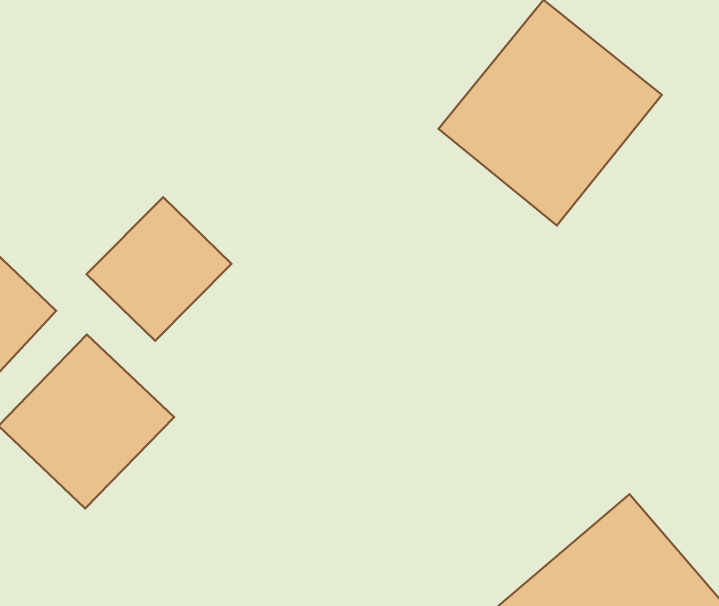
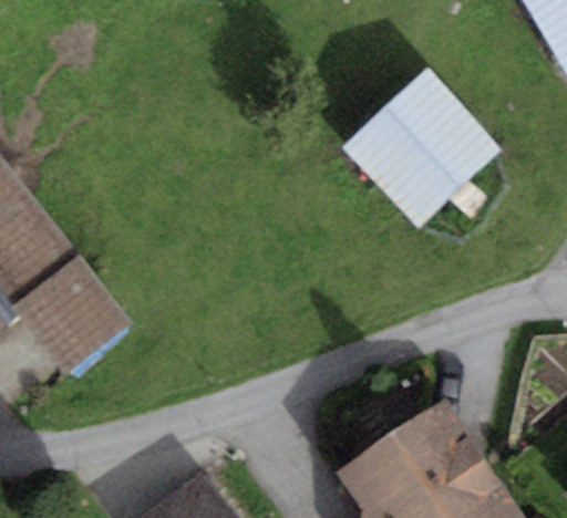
building: [87,197,232,341] -> none

